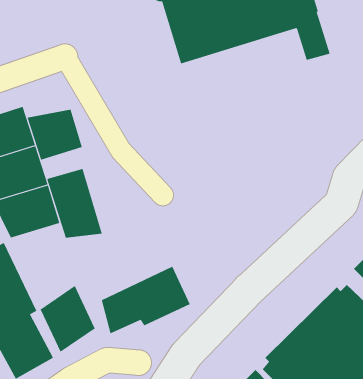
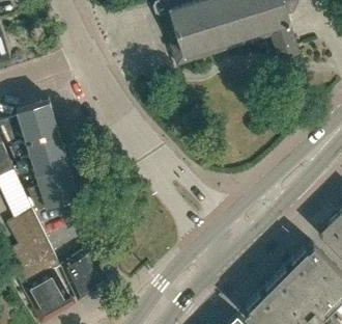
building: [27,109,83,160] -> none
building: [47,168,103,239] -> none
building: [101,266,191,334] -> none

